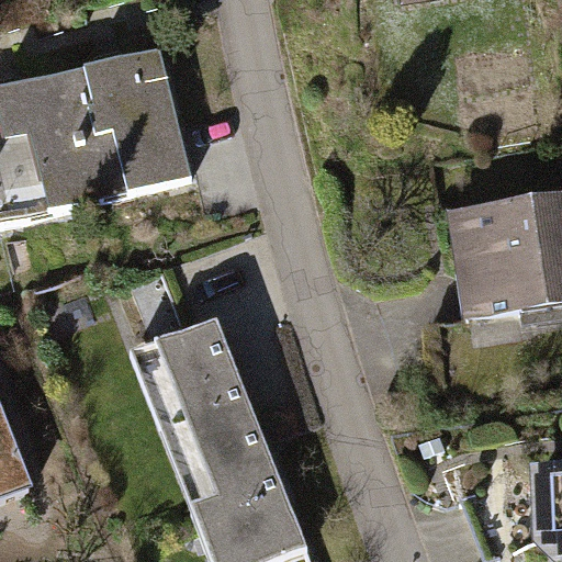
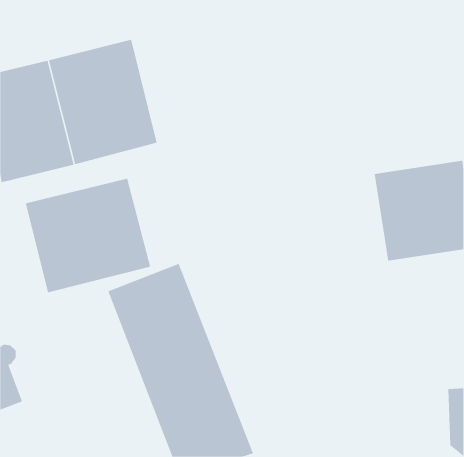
building: none -> [25,178,151,293]

